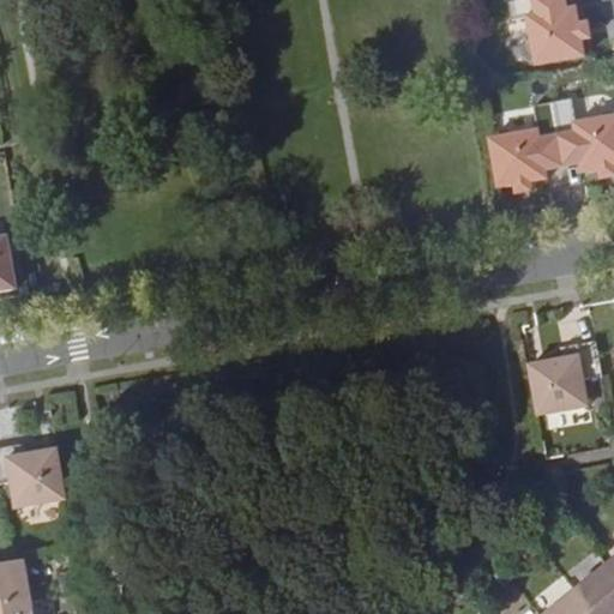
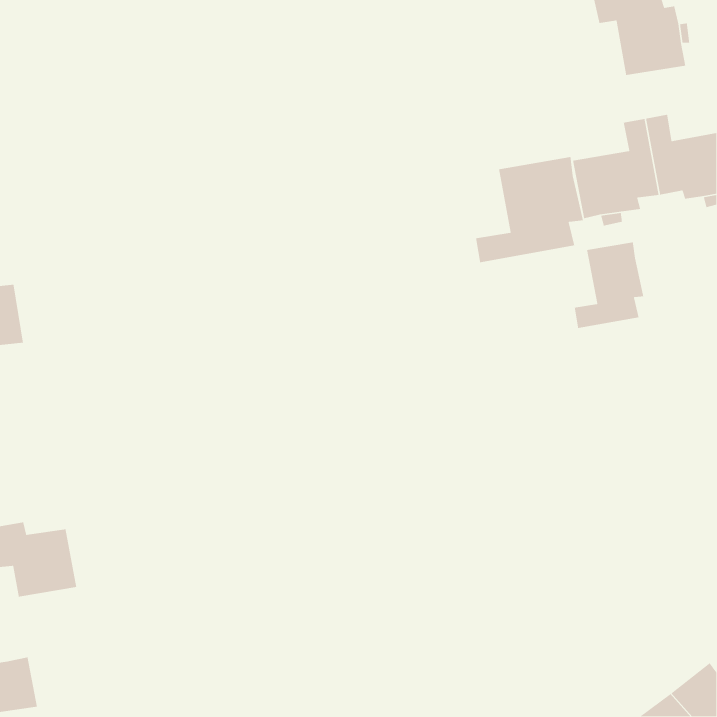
building: none -> [475,156,584,263]
building: none -> [574,241,644,329]
building: [528,341,600,416] -> none

